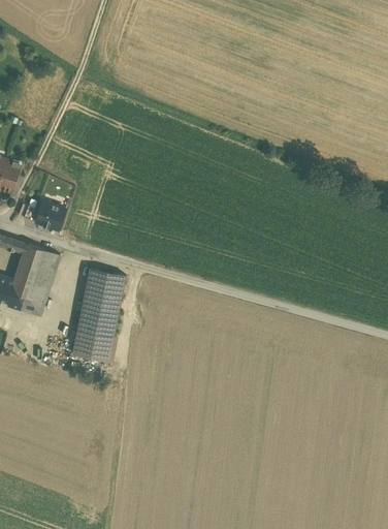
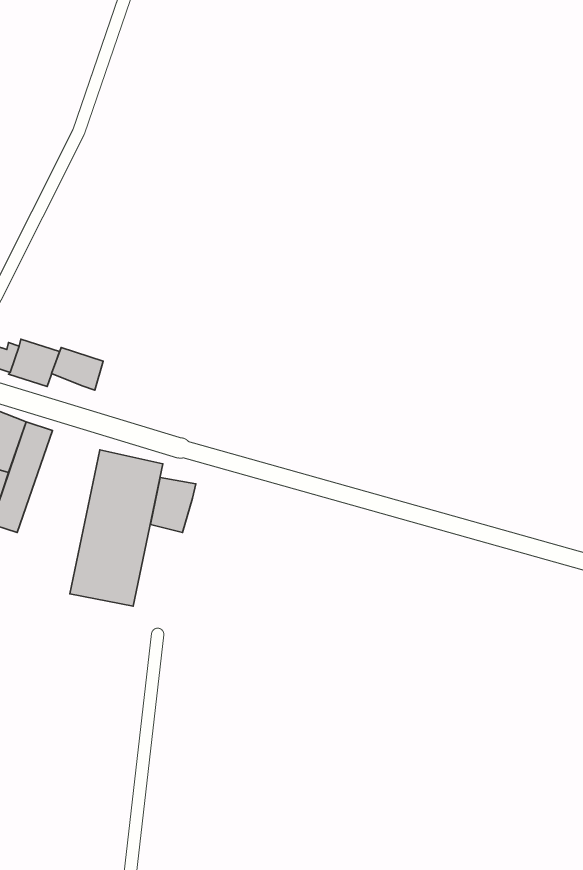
building: none -> [52,348,103,390]
building: none -> [150,478,196,533]

